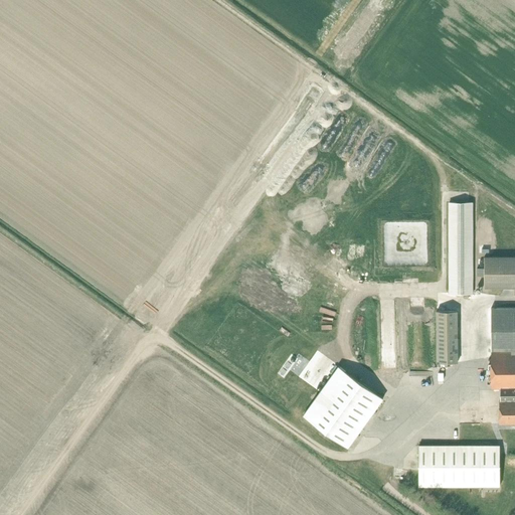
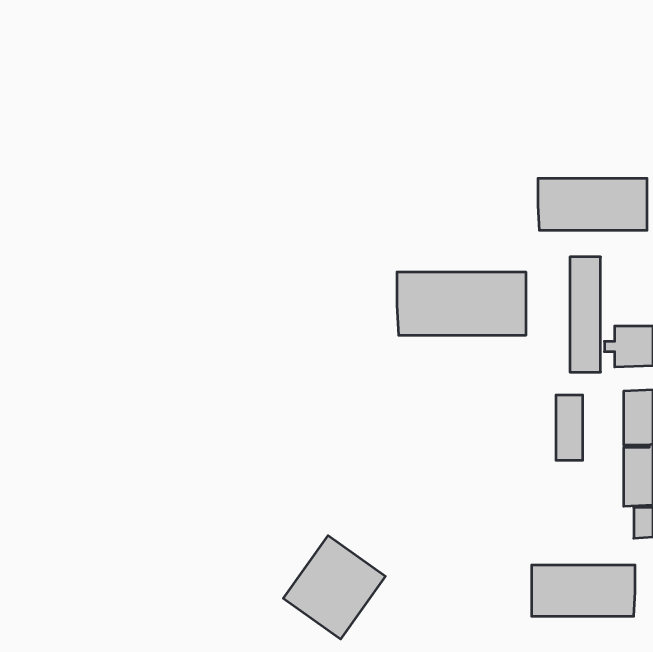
building: none -> [538,178,647,230]
building: none -> [397,272,526,335]
building: [303,367,383,449] -> [283,536,385,639]

